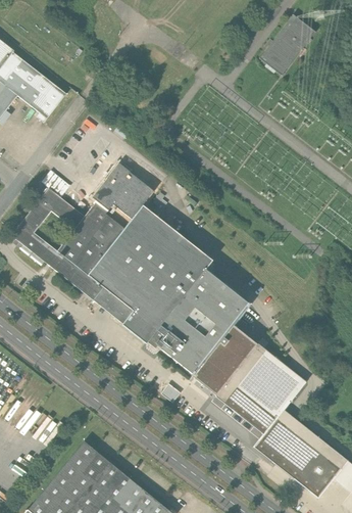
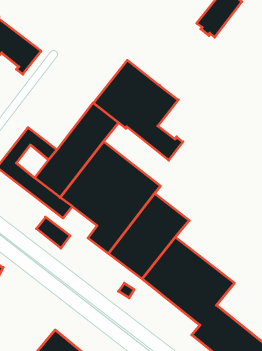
building: none -> [94,60,183,160]
building: [94,287,136,326] -> [36,217,70,248]

